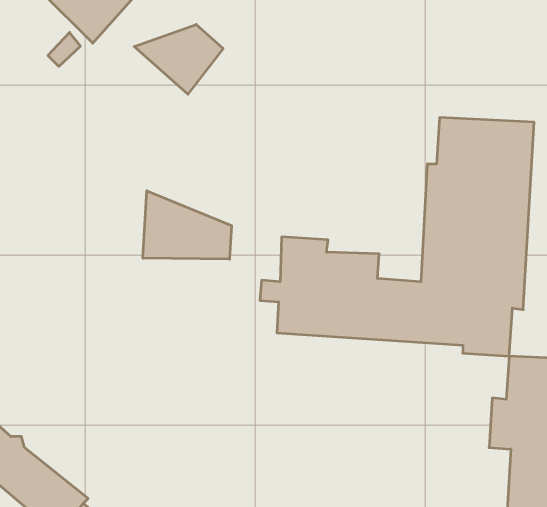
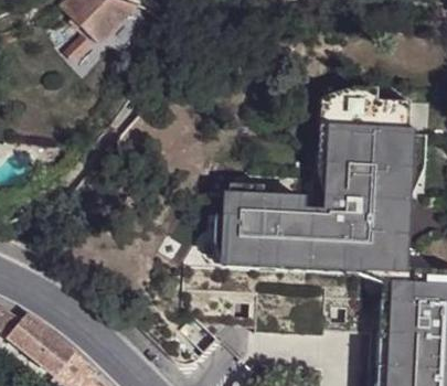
building: [134,24,223,94] -> none
building: [143,191,232,259] -> none

